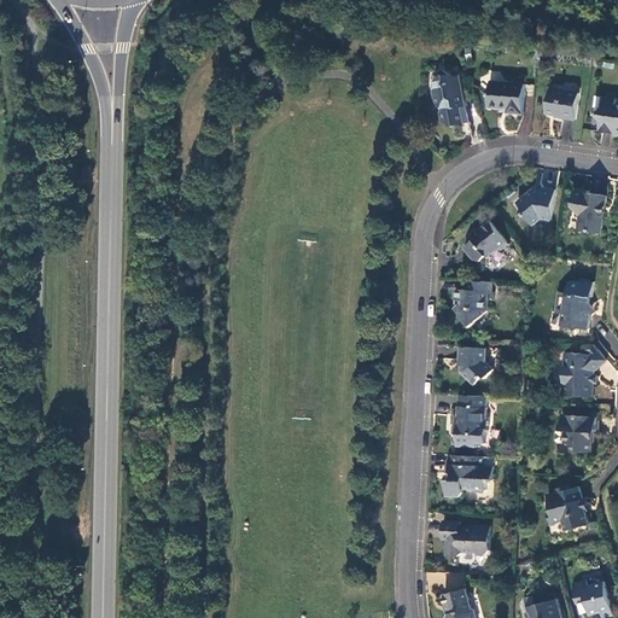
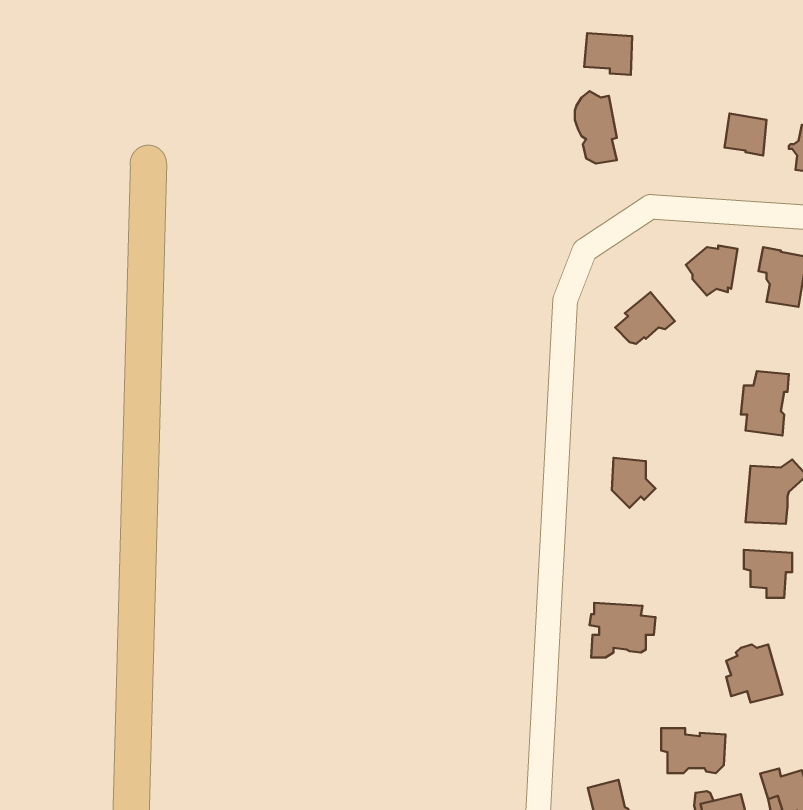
building: [486,82,523,113] -> [584,33,632,75]
building: [453,281,491,326] -> none
building: [453,395,488,447] -> none
building: [441,521,489,555] -> [661,728,725,773]

